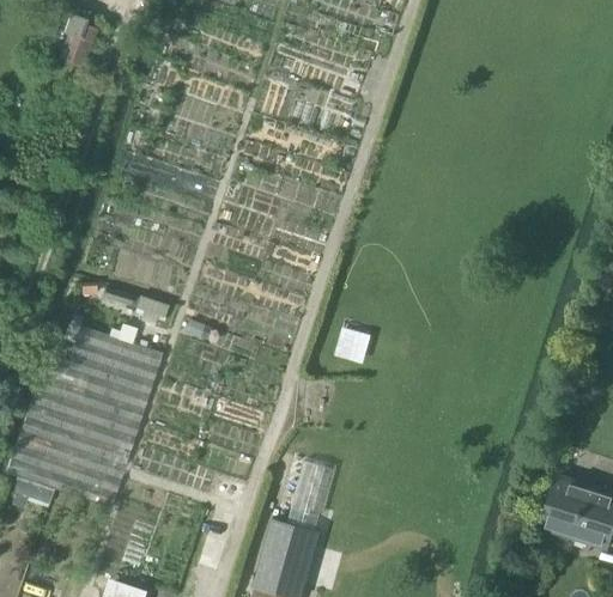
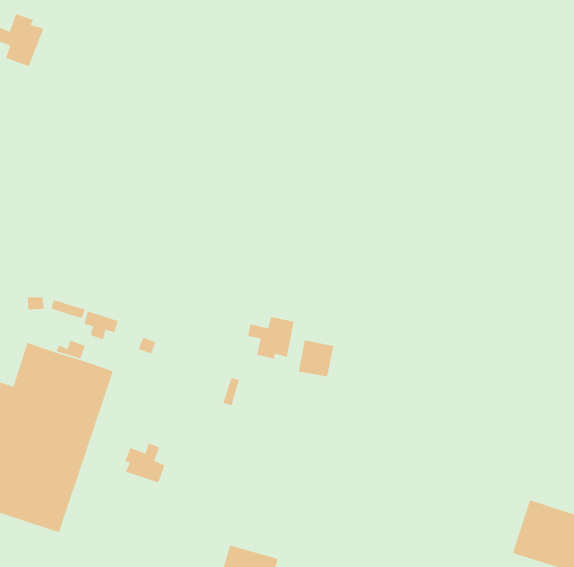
building: none -> [247,316,295,360]
building: none -> [124,443,165,484]
building: [292,458,333,524] -> none

